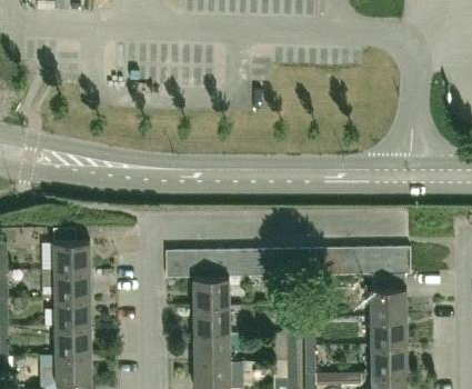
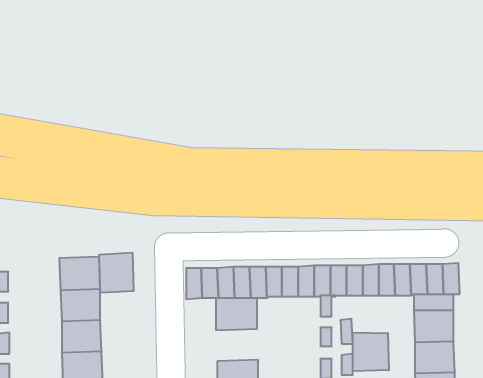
building: none -> [99,253,134,293]
building: [193,306,231,335] -> none
building: none -> [353,333,389,371]

